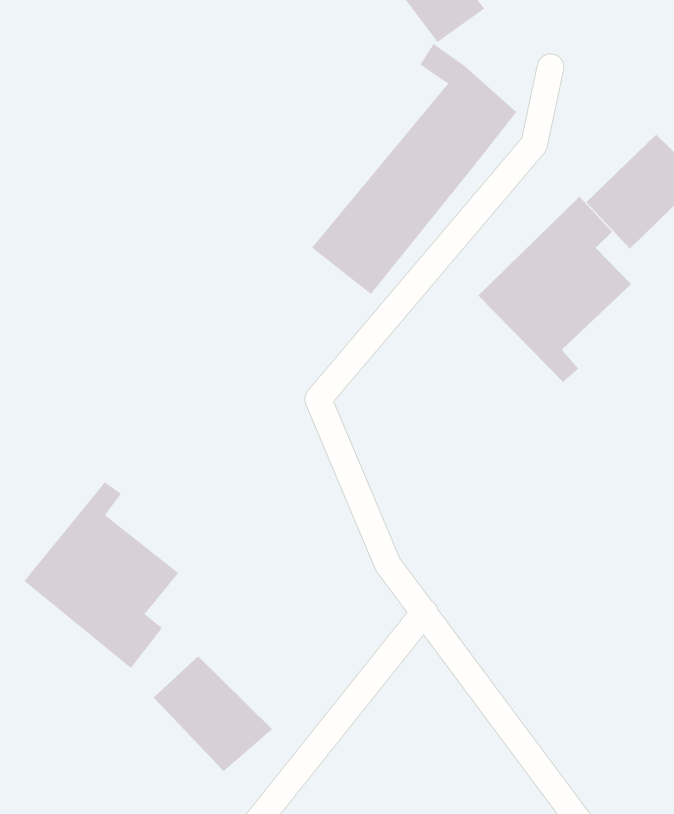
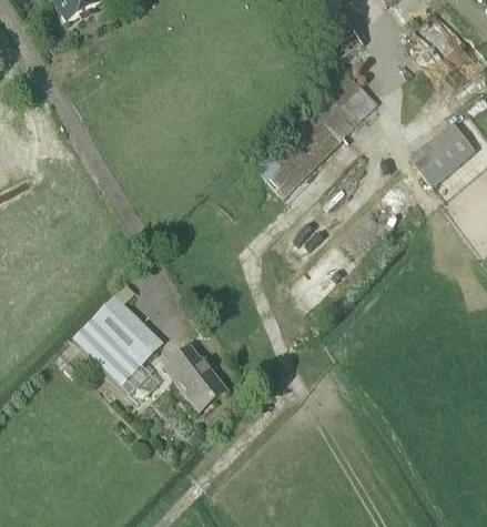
building: [478,196,632,383] -> none
building: [153,655,273,772] -> [162,345,227,412]

